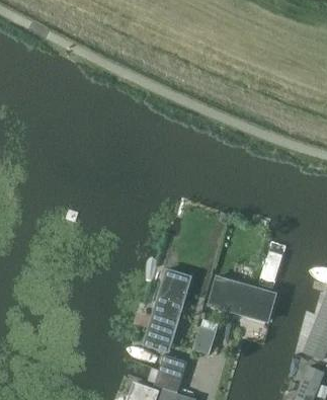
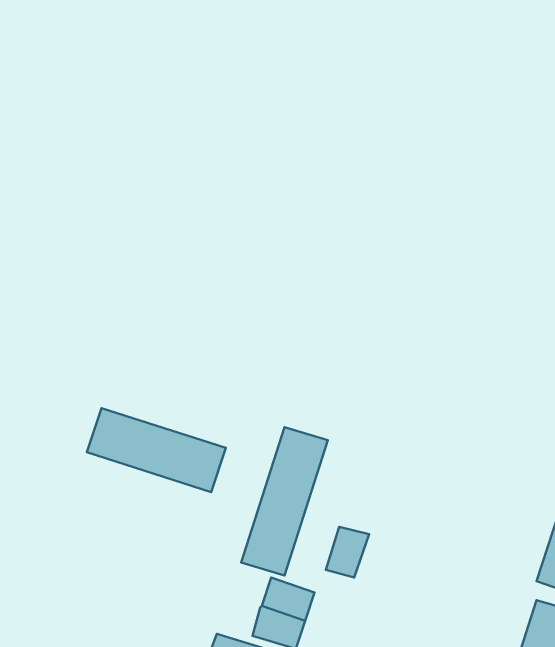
building: none -> [87,408,226,492]
building: [210,278,275,324] -> none

